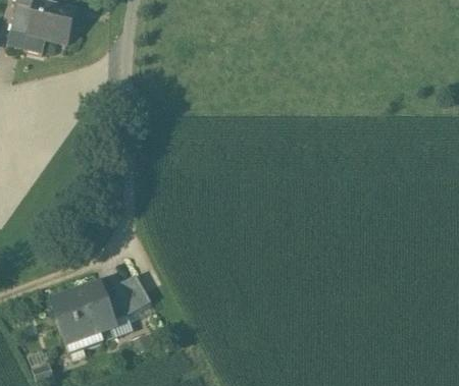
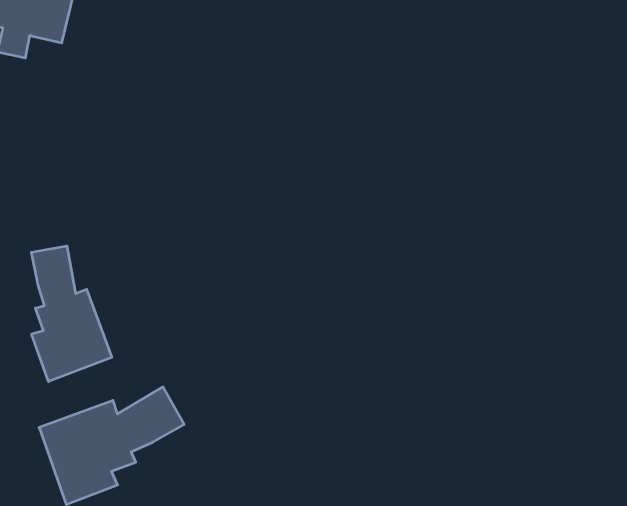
building: none -> [31,246,112,382]

